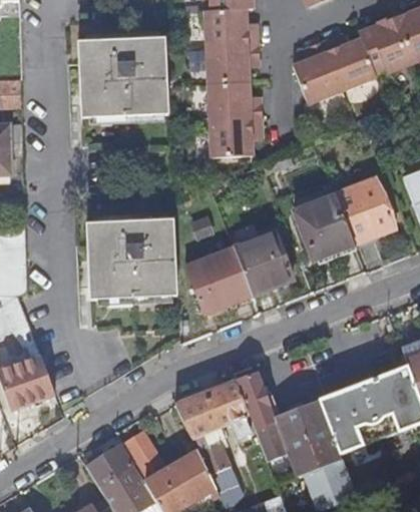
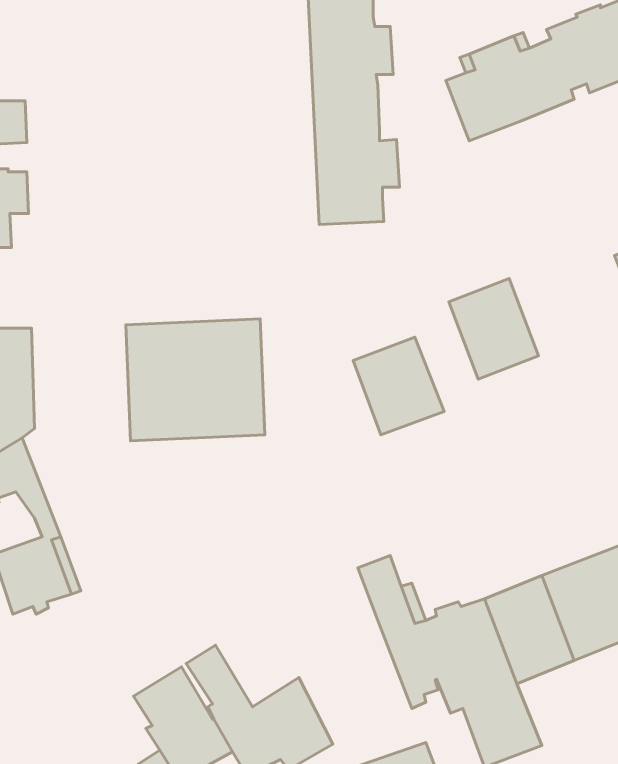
building: [76,37,166,116] -> none
building: [334,176,394,242] -> none
building: [186,245,251,312] -> none
building: [174,380,251,501] -> none

